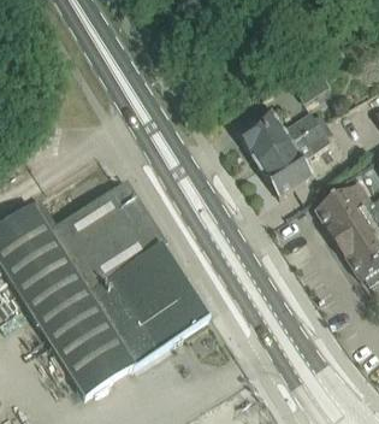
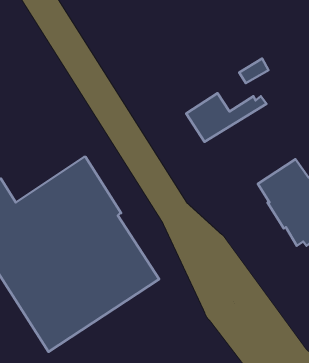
building: [257,122,333,198] -> none

